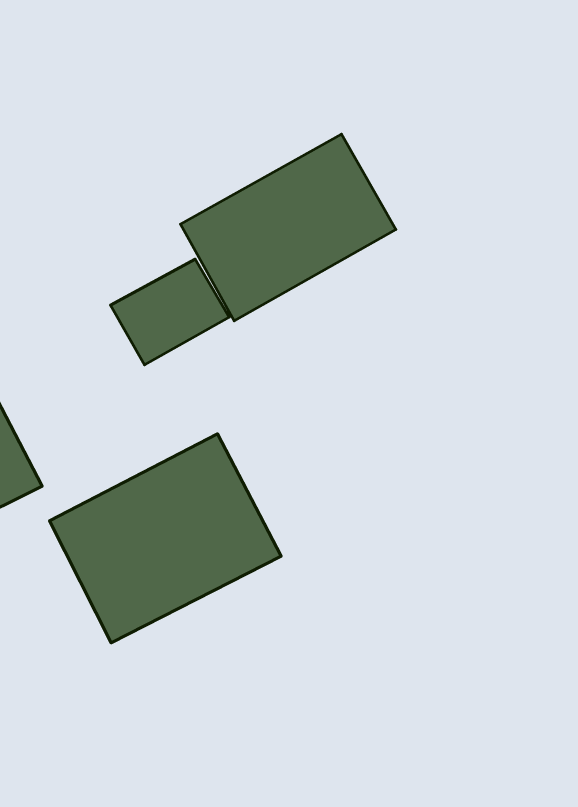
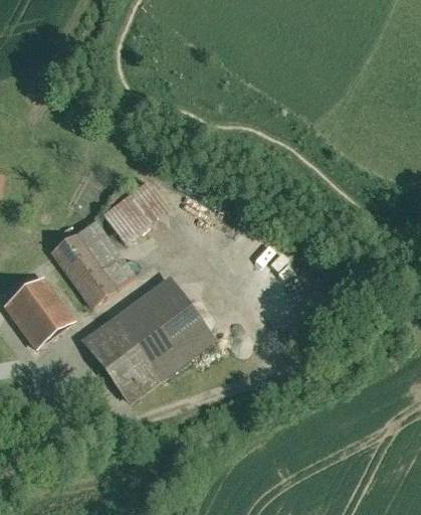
building: [181,134,396,321] -> none
building: none -> [52,219,139,307]

